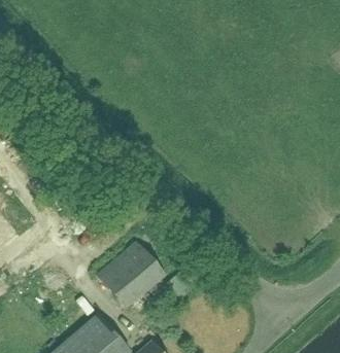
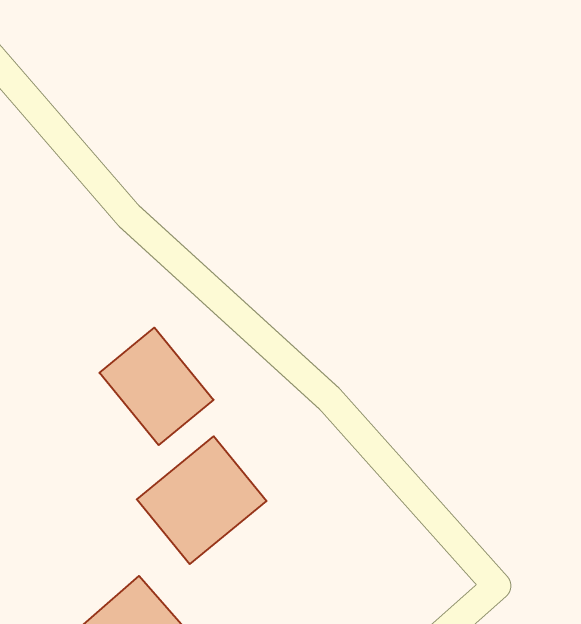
building: none -> [99,328,214,445]

